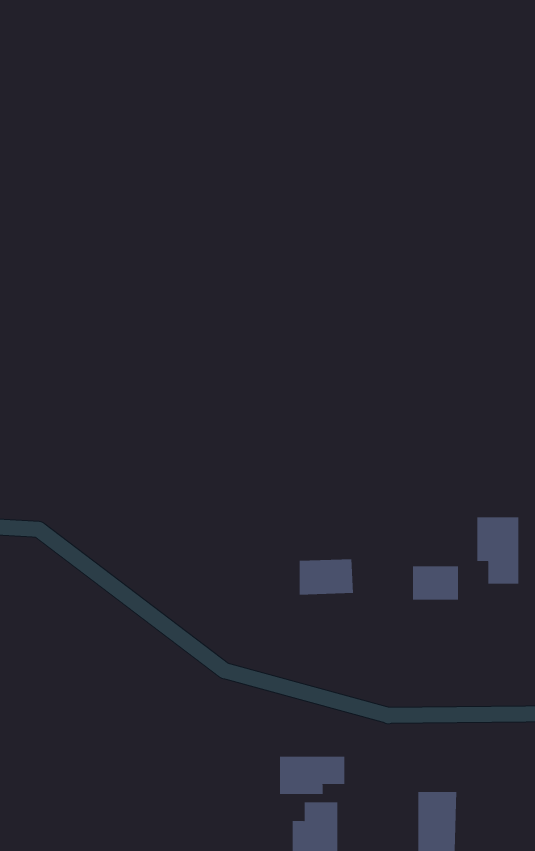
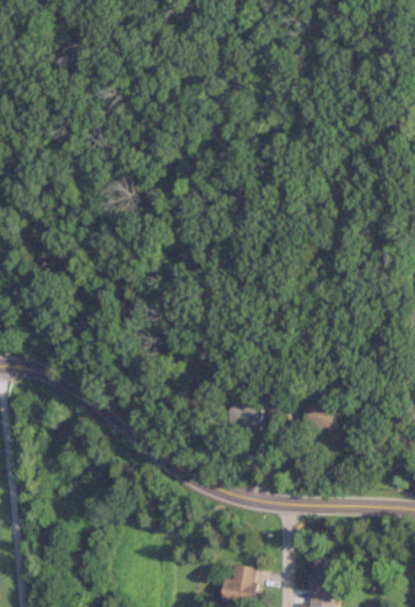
building: [477,516,519,584] -> none
building: [280,756,345,795] -> none

